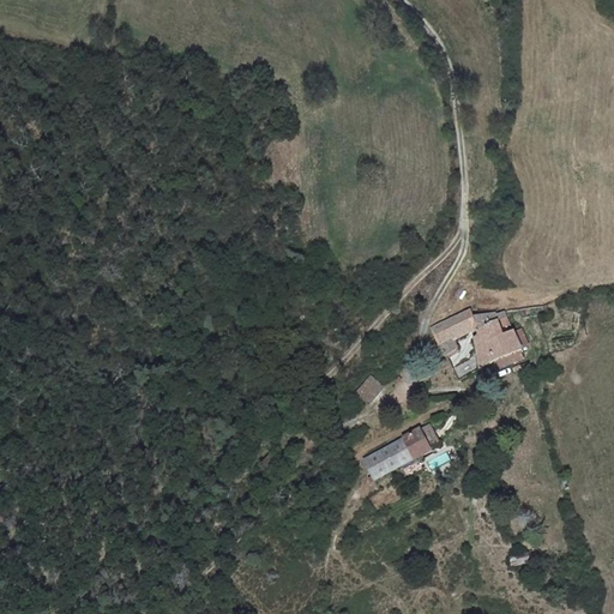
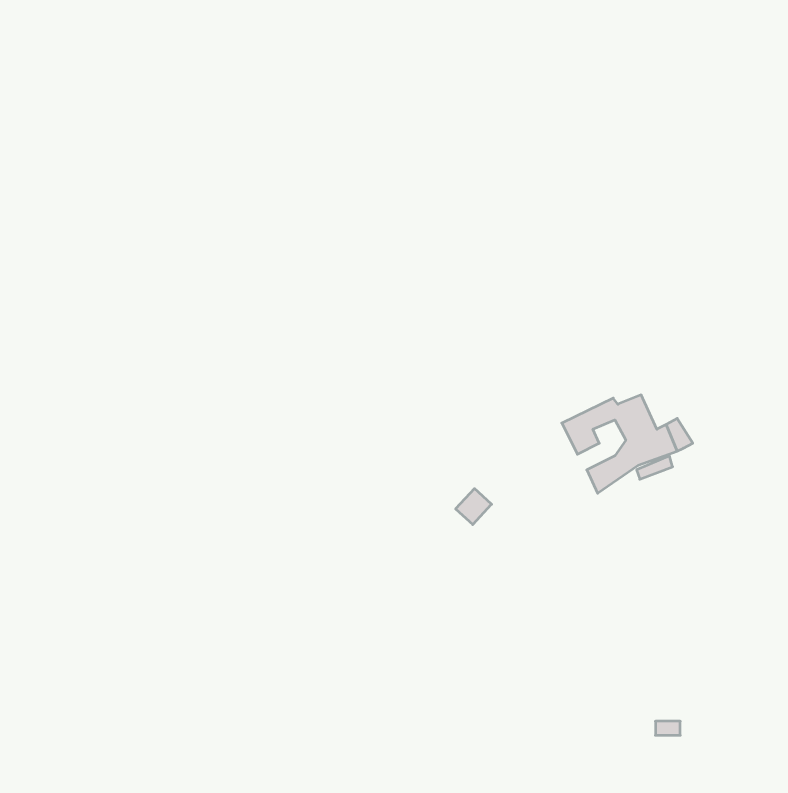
building: [365,427,432,477] -> none

